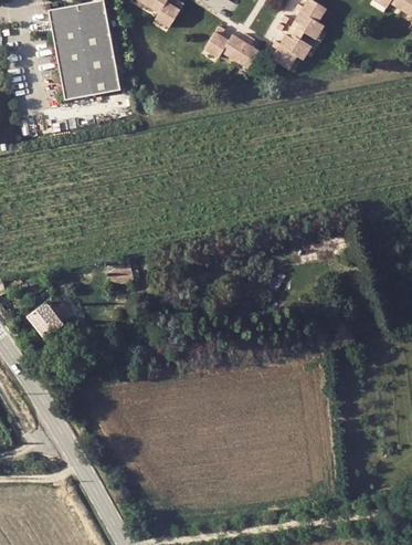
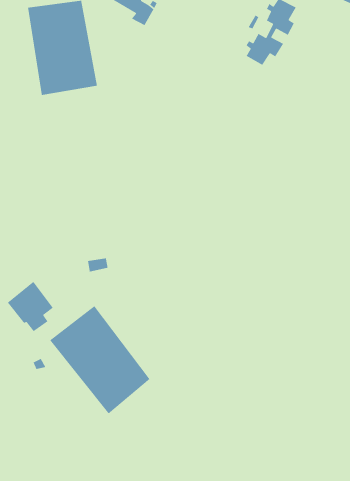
building: [203,30,258,70] -> none
building: none -> [49,305,151,414]

